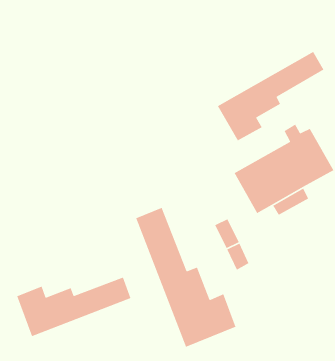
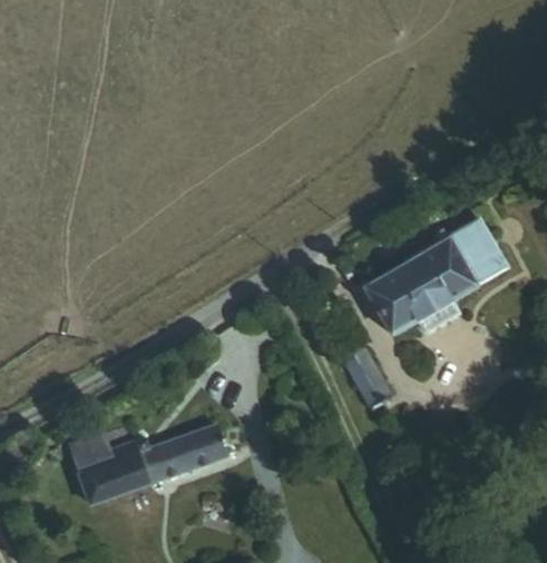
building: [217,51,325,141] -> none
building: [135,207,236,348] -> none

